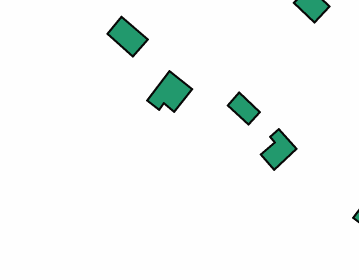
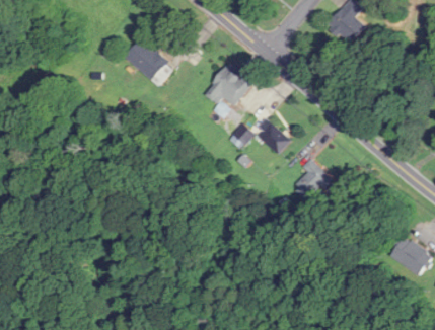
building: [147,71,192,112] -> [204,62,252,105]

